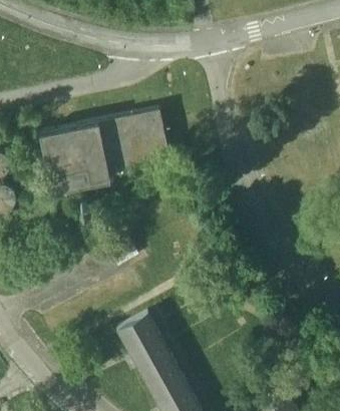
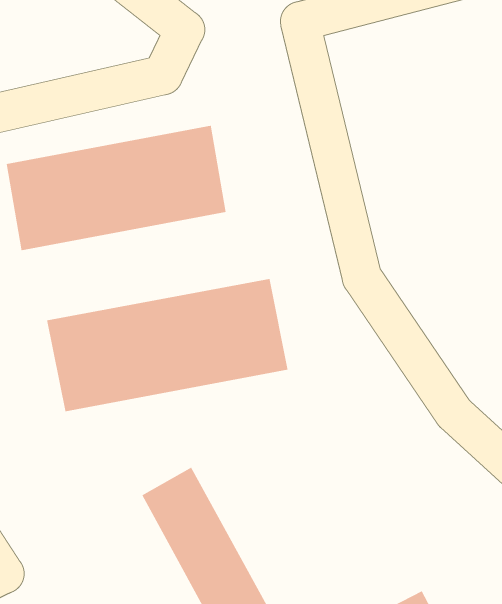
building: none -> [47,278,288,412]

